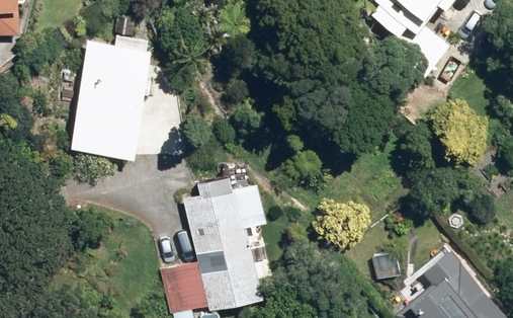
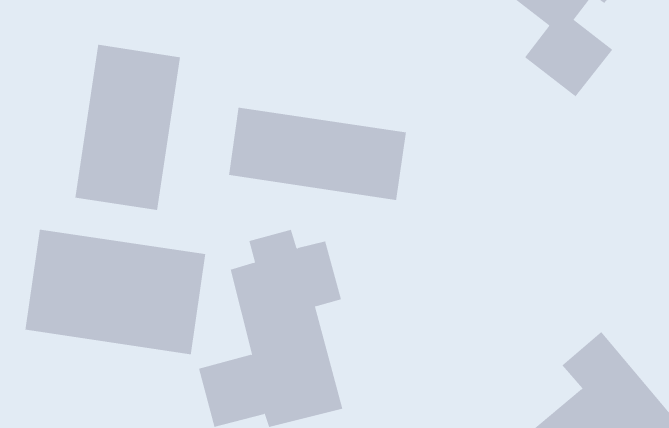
building: none -> [228,107,406,201]
building: none -> [25,229,206,355]

